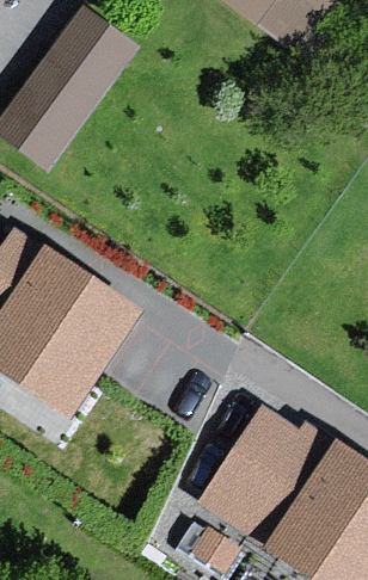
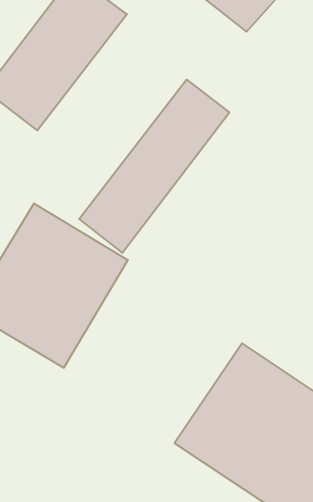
building: none -> [79,80,229,253]

